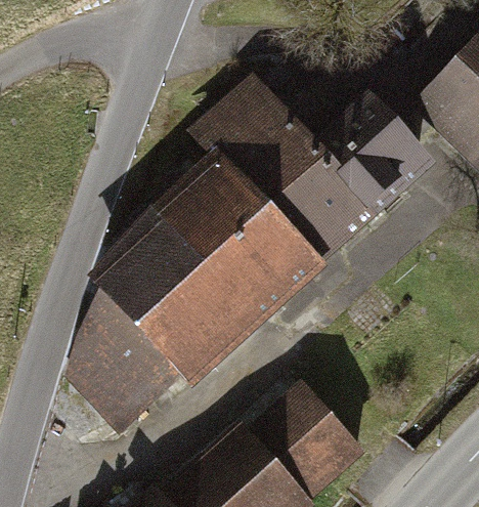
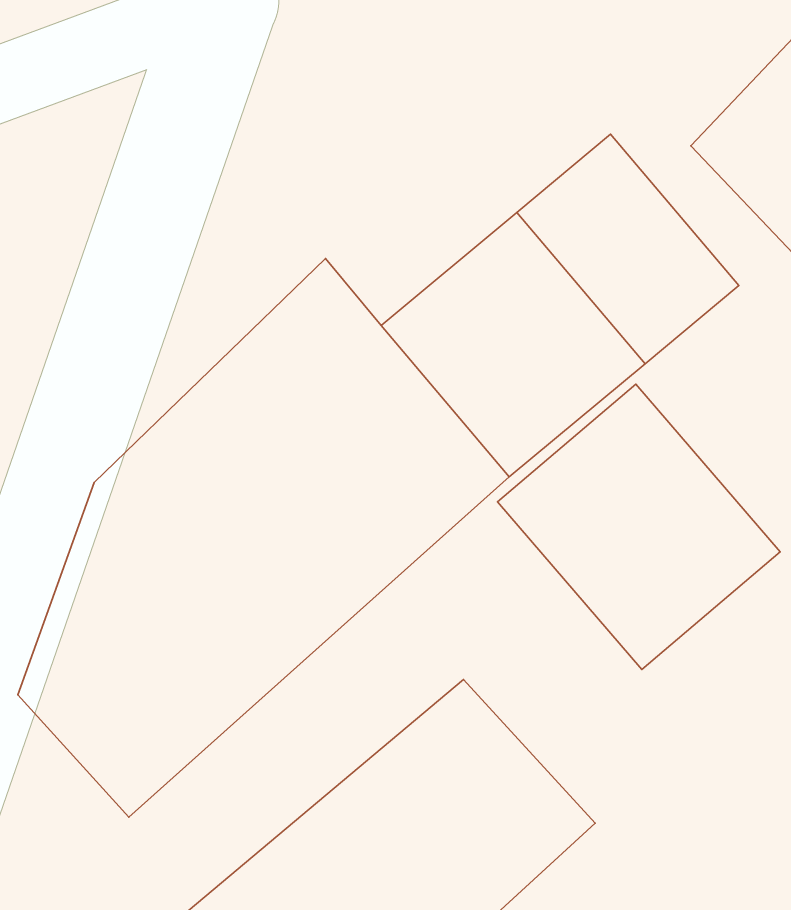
building: [195,62,324,189] -> none
building: none -> [497,384,780,670]

